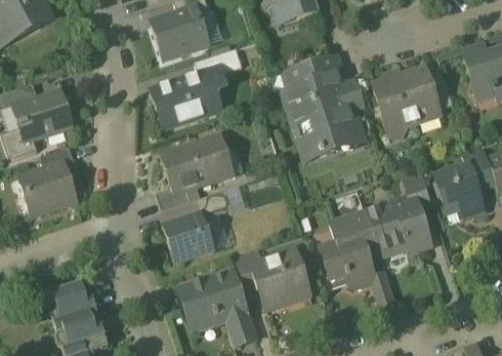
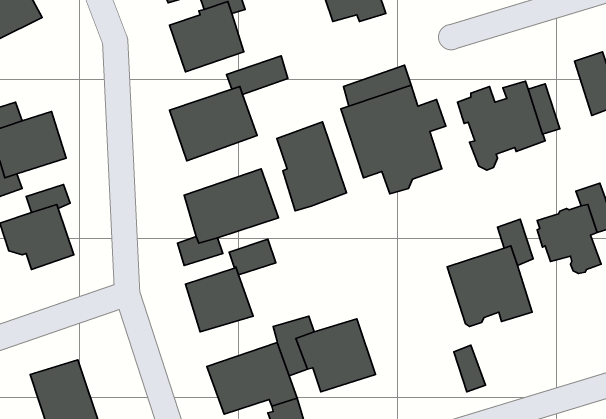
building: none -> [277,122,347,211]
building: [322,210,380,286] -> none

